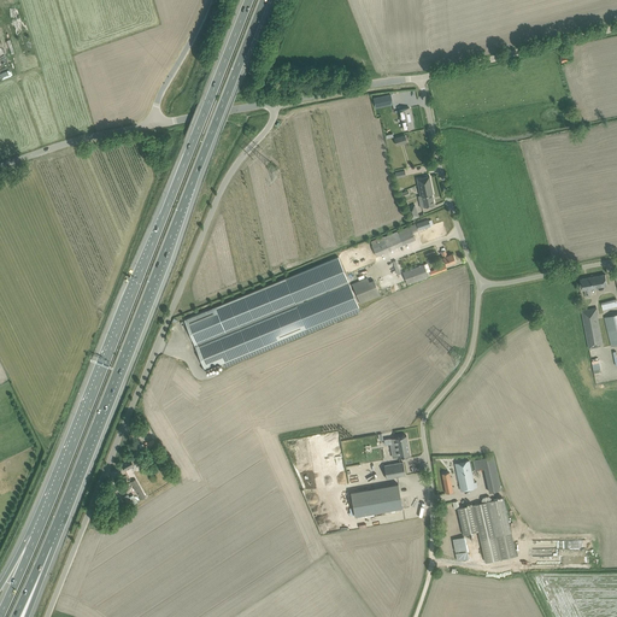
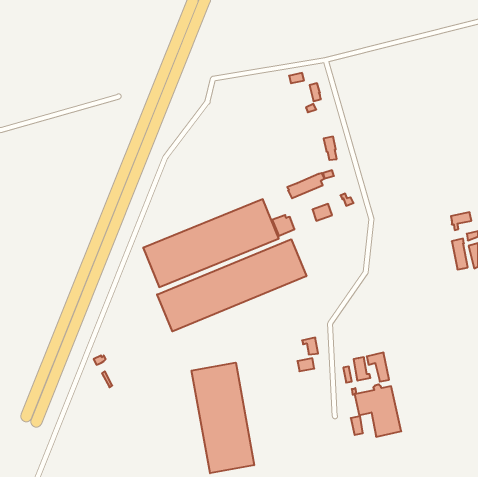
building: none -> [157,239,306,331]
building: none -> [192,363,254,473]
building: [351,484,402,517] -> none

